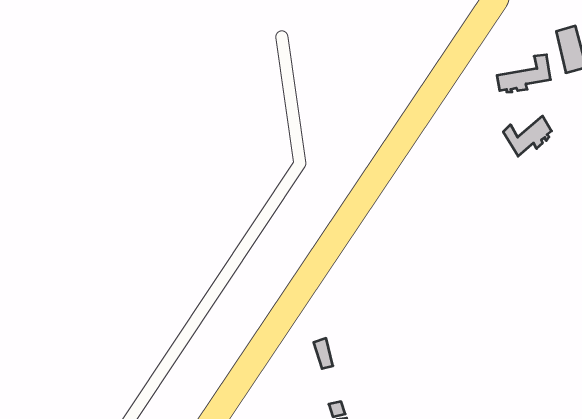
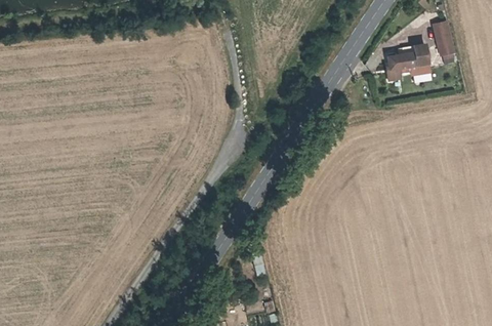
building: [503,116,552,156] -> none

